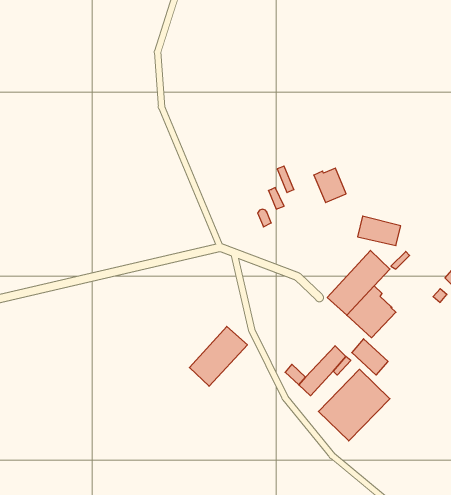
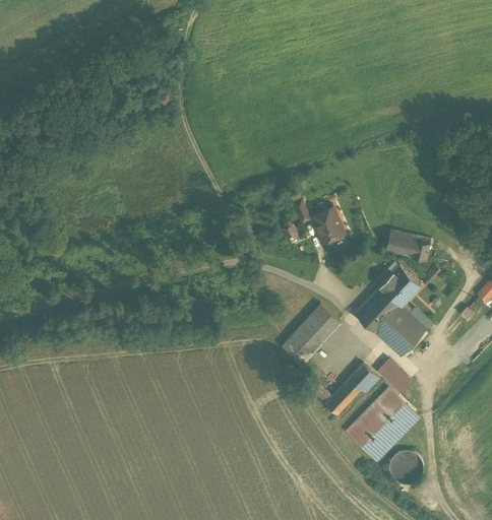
building: [314,168,346,203] -> [311,207,345,243]
building: [189,326,247,386] -> [282,304,342,366]
building: none -> [389,451,423,484]

